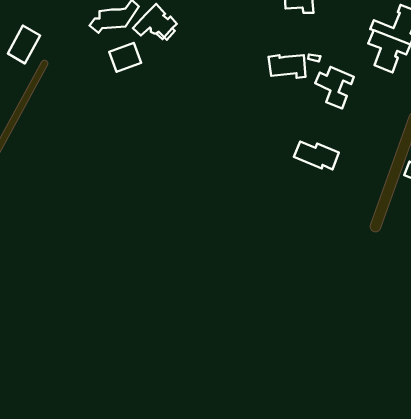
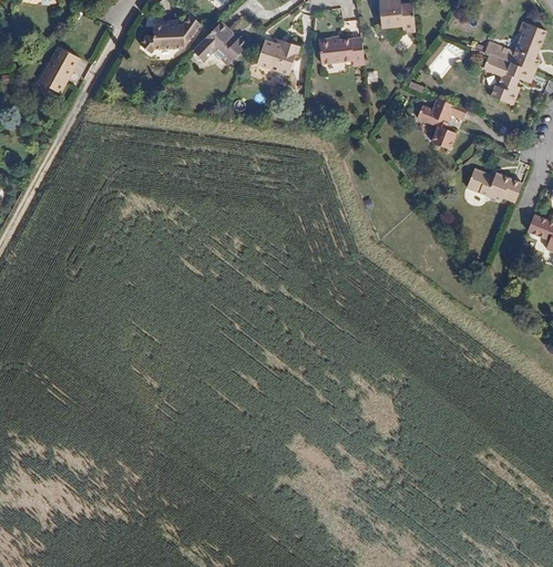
building: none -> [260,38,299,70]
building: [109,43,141,72] -> none
building: [269,55,305,78] -> [318,37,363,64]
building: [294,142,339,169] -> [467,168,522,203]

